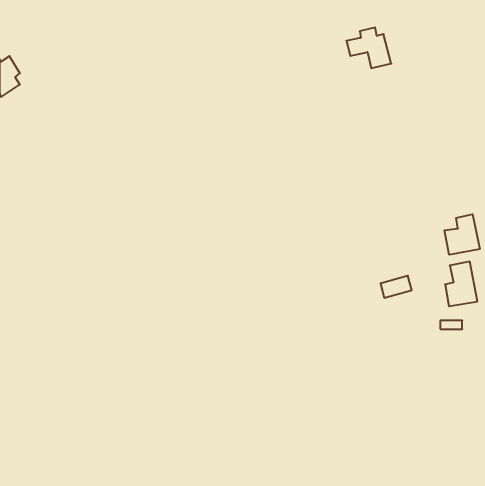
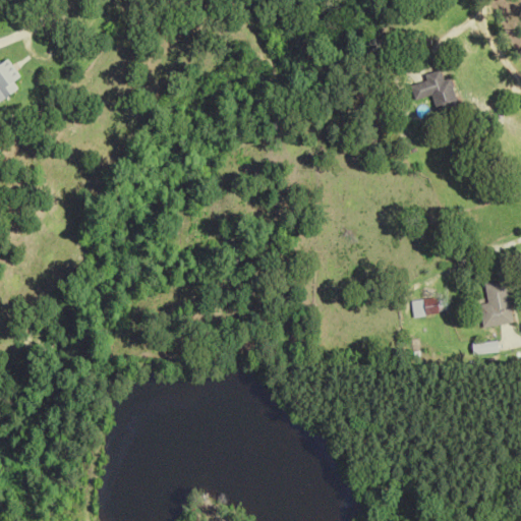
building: [346,27,391,68] -> [412,70,460,114]
building: [445,214,480,255] -> none

